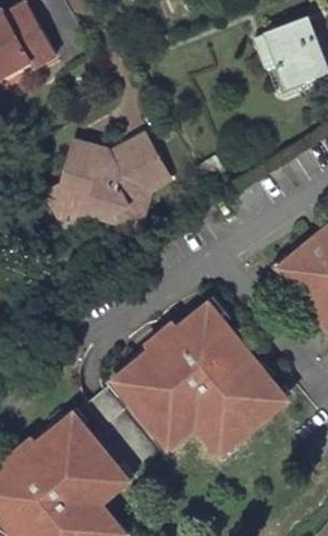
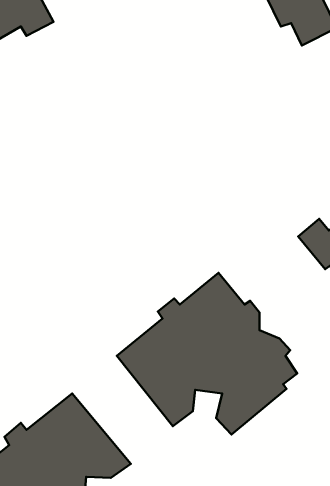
building: [49,142,174,244] -> none

